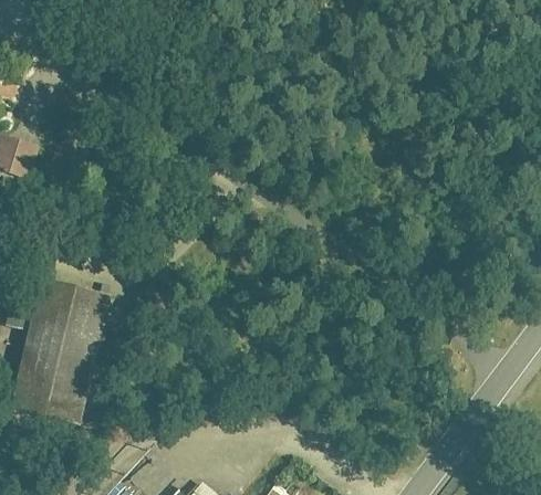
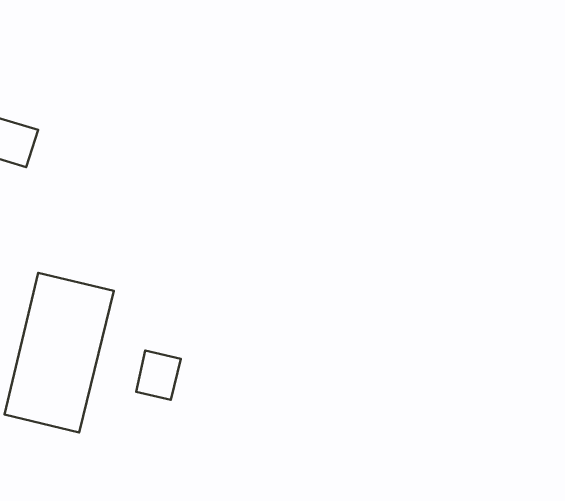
building: none -> [136,350,181,400]

